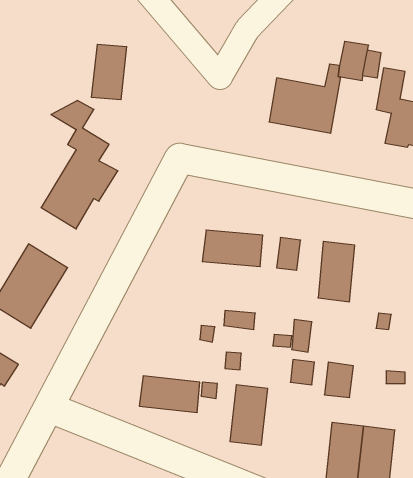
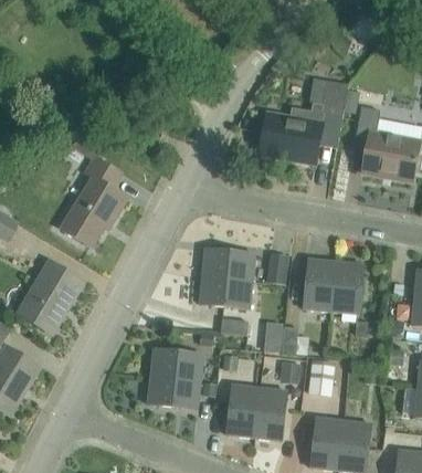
building: [92,44,127,100] -> none
building: none -> [331,261,363,313]
building: none -> [200,275,253,307]
building: none -> [150,348,203,381]
building: none -> [254,387,287,440]

